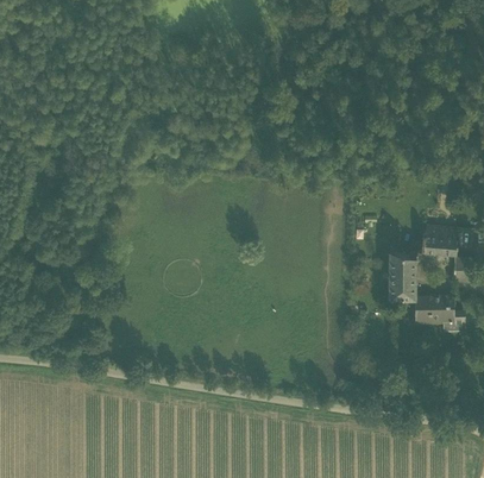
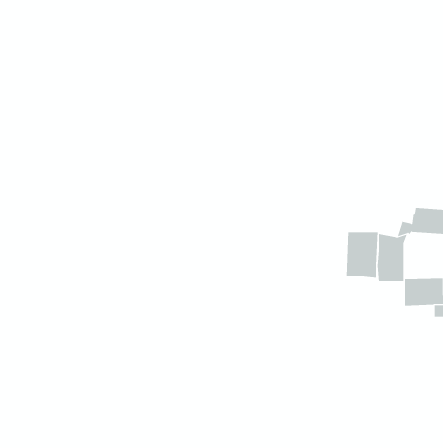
building: none -> [346,231,378,278]

